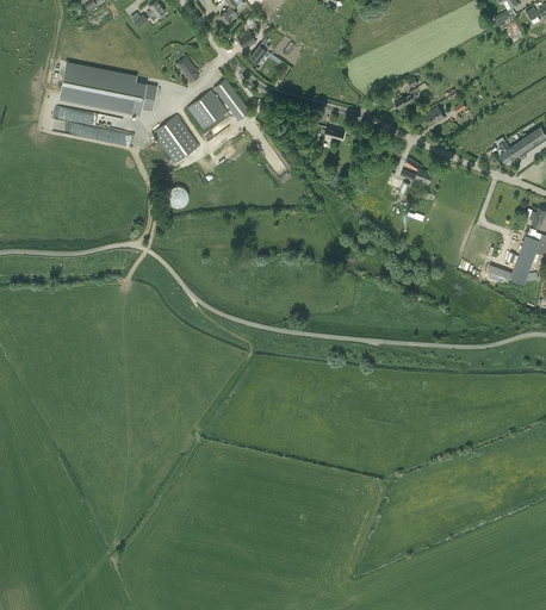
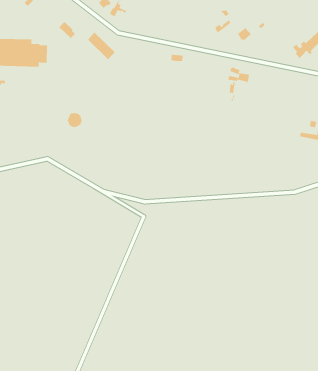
building: [187,91,228,130] -> none
building: [153,116,199,163] -> none

